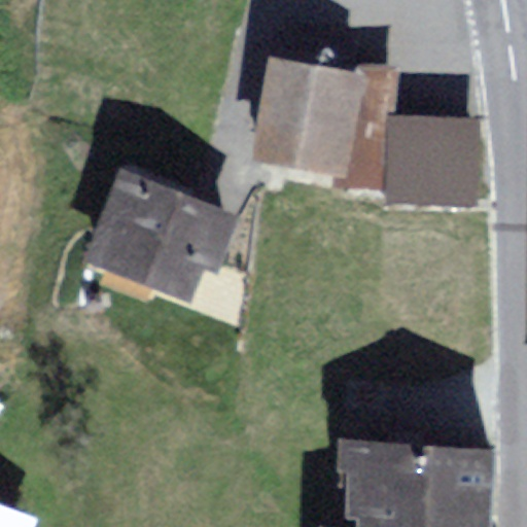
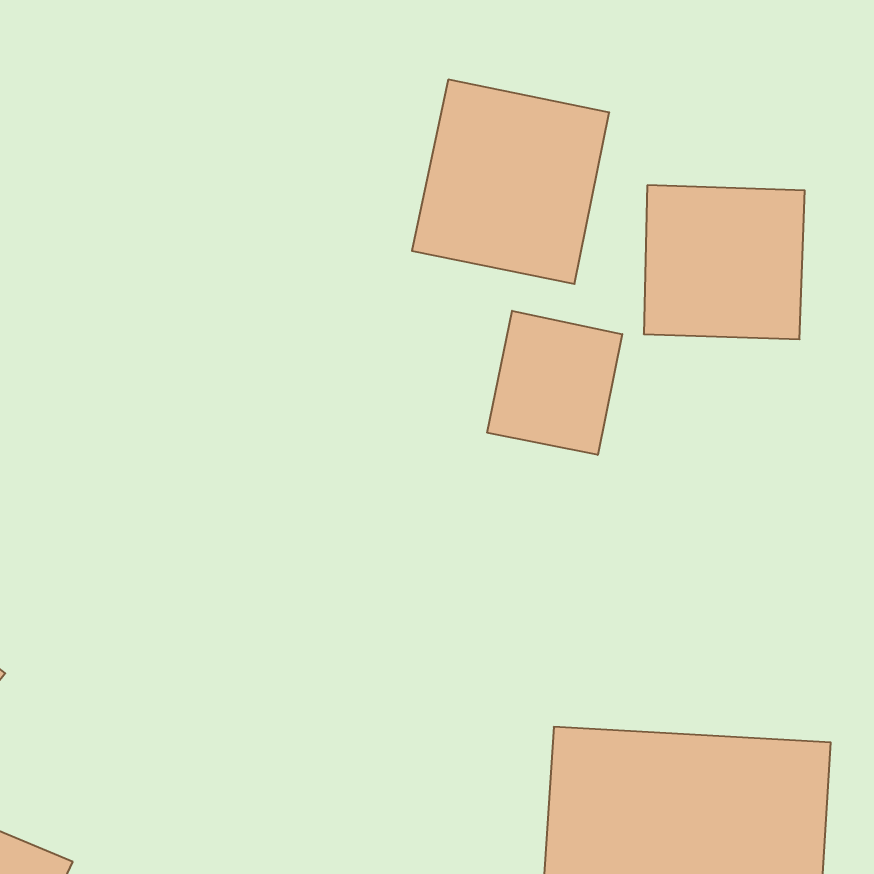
building: [91,172,245,296] -> none
building: none -> [487,311,622,455]

